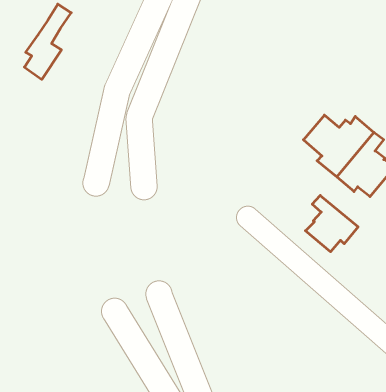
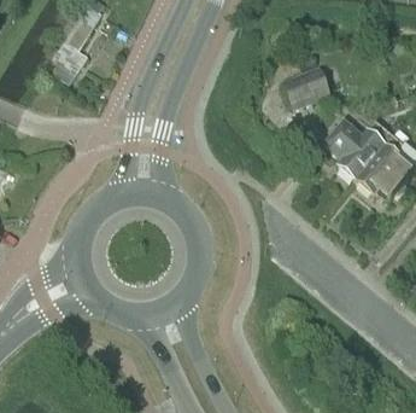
building: none -> [283,64,329,105]
building: [305,195,358,252] -> none

